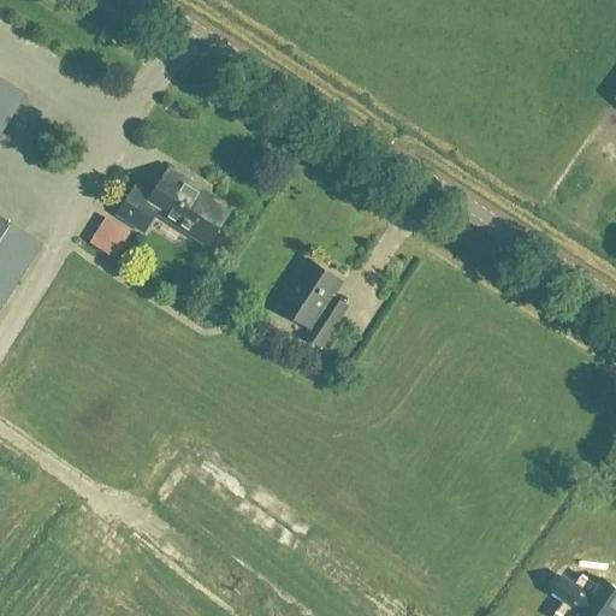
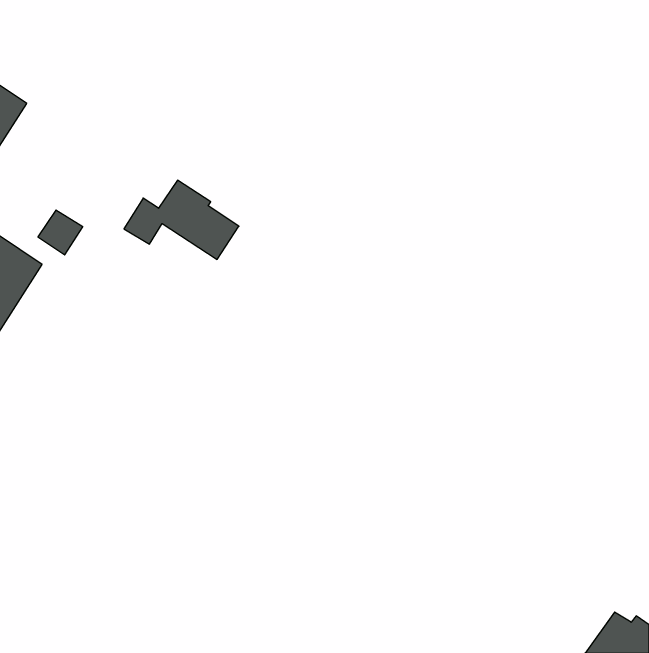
building: [88,214,130,256] -> [38,210,83,255]
building: [276,260,339,346] -> none

